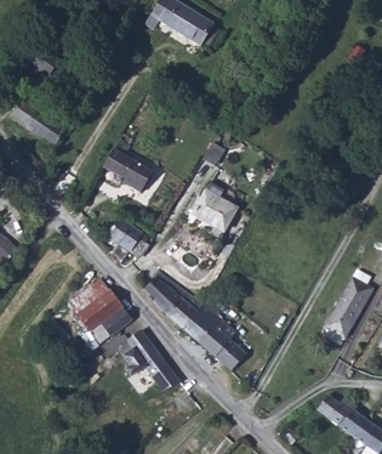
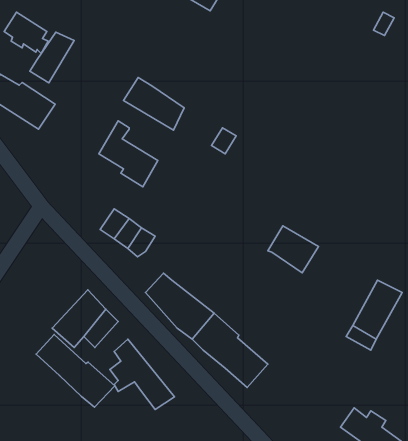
building: none -> [30,32,74,83]
building: none -> [124,77,184,130]
building: [192,193,236,234] -> [268,226,319,273]
building: none -> [36,334,115,407]

